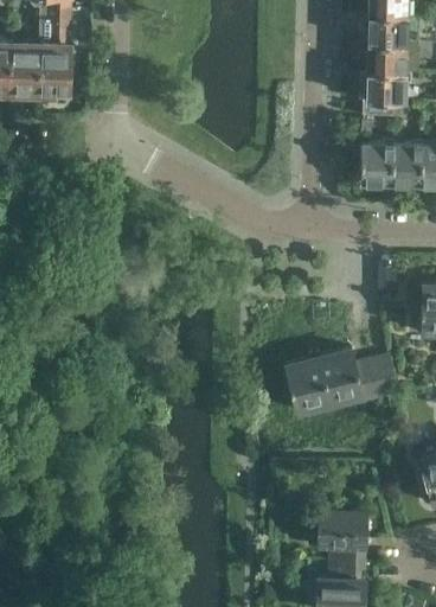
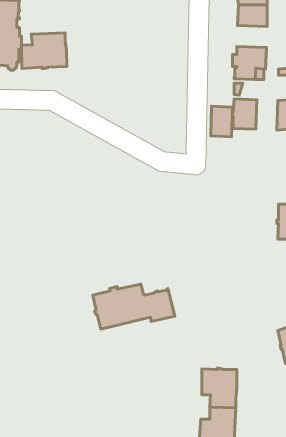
building: [366,45,408,75] -> none
building: none -> [21,33,67,69]
building: [392,146,422,187] -> [211,106,232,137]
building: [287,352,398,414] -> [93,284,175,329]

